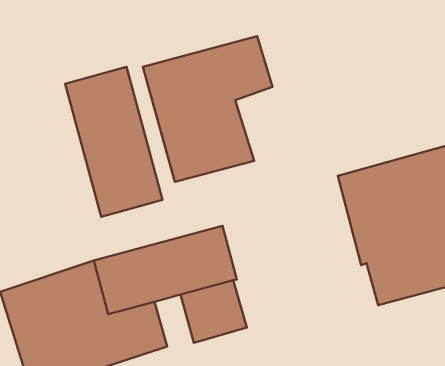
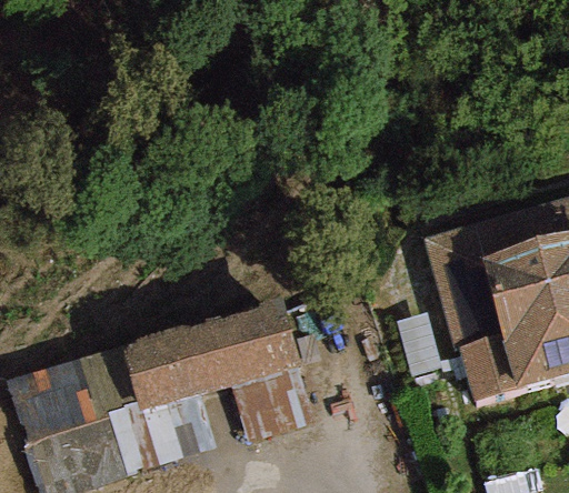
building: [143,36,273,182] -> none
building: [65,67,163,217] -> none

